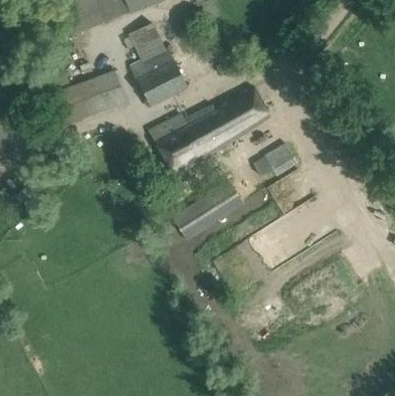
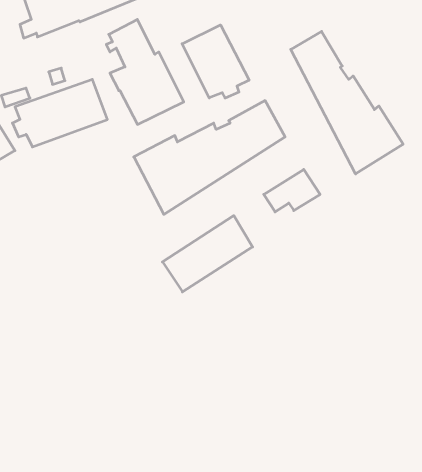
building: none -> [182,25,249,98]
building: none -> [291,31,403,174]

